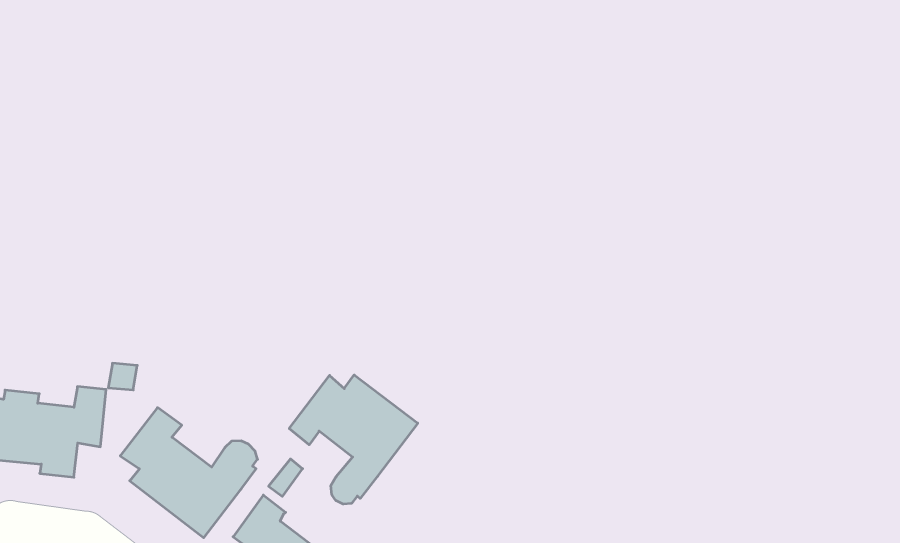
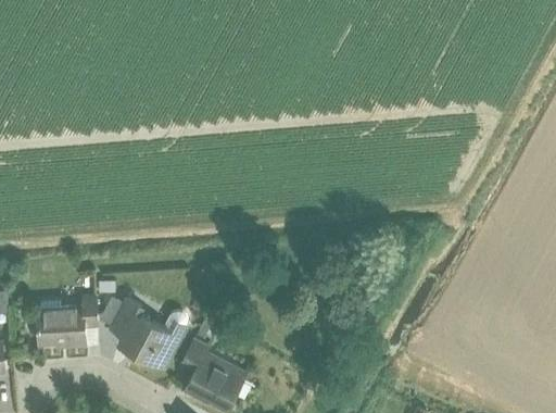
building: [289,375,418,504] -> none

